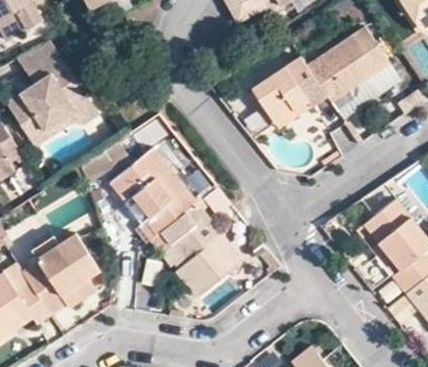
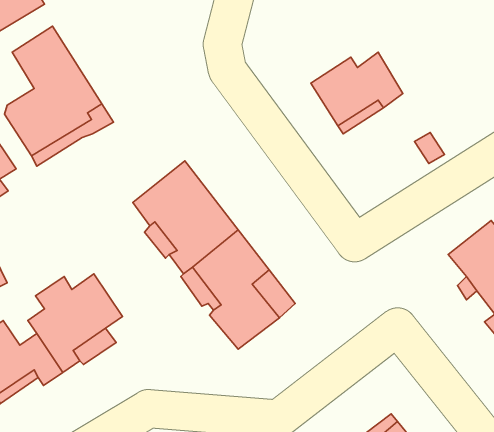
building: [305,26,387,99] -> none

